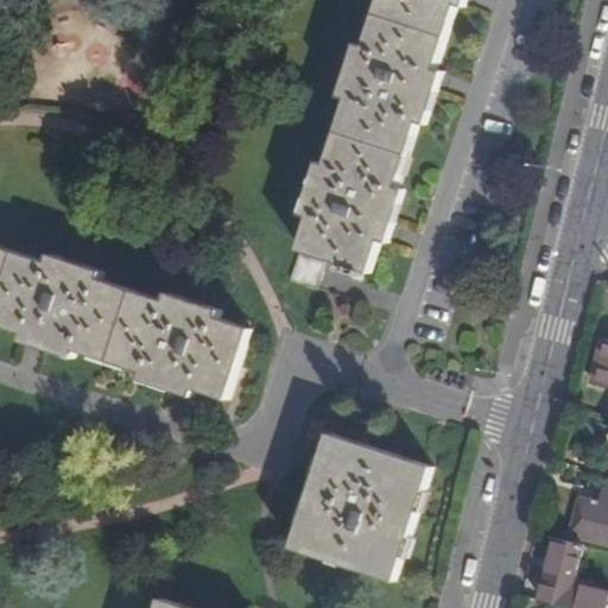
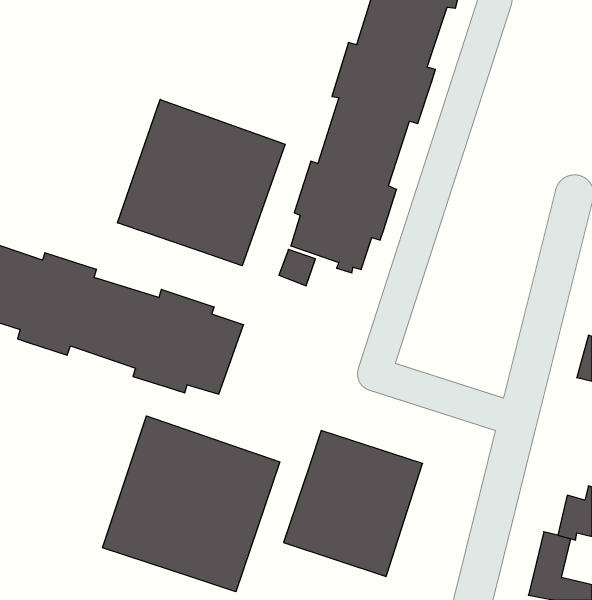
building: none -> [117,99,285,266]
building: none -> [103,416,280,592]

